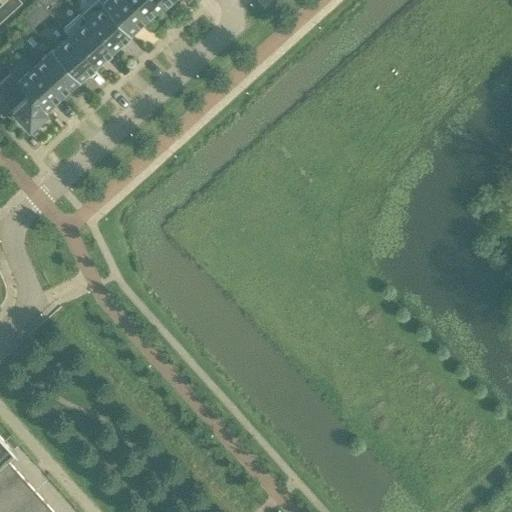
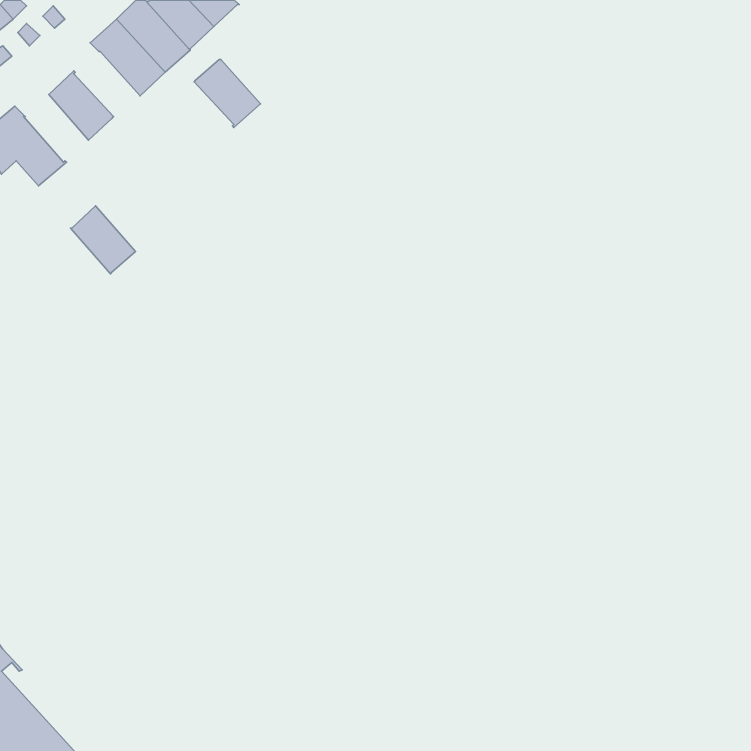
building: [50,37,95,83] -> [194,60,261,127]
building: [16,66,60,112] -> [71,206,135,274]

